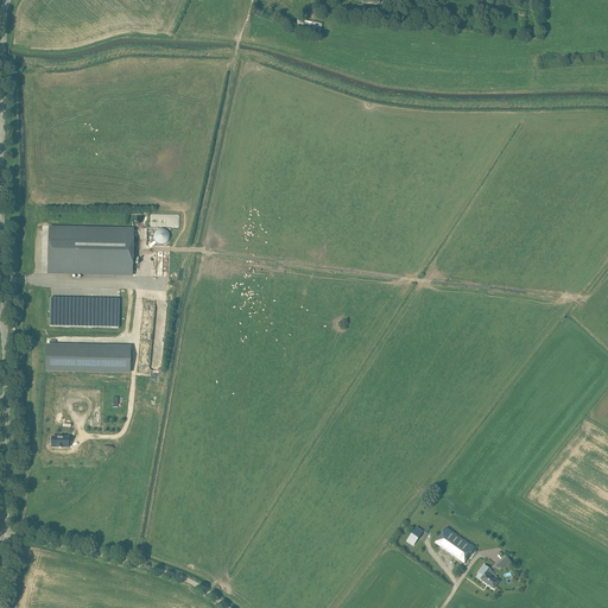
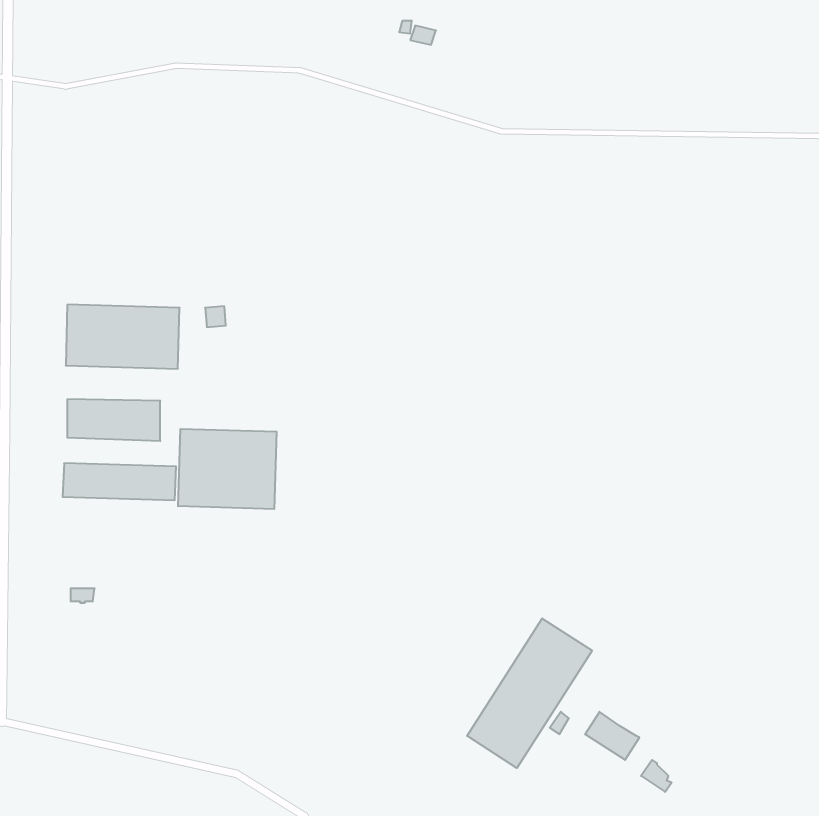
building: none -> [178,429,277,509]
building: none -> [467,618,592,768]

